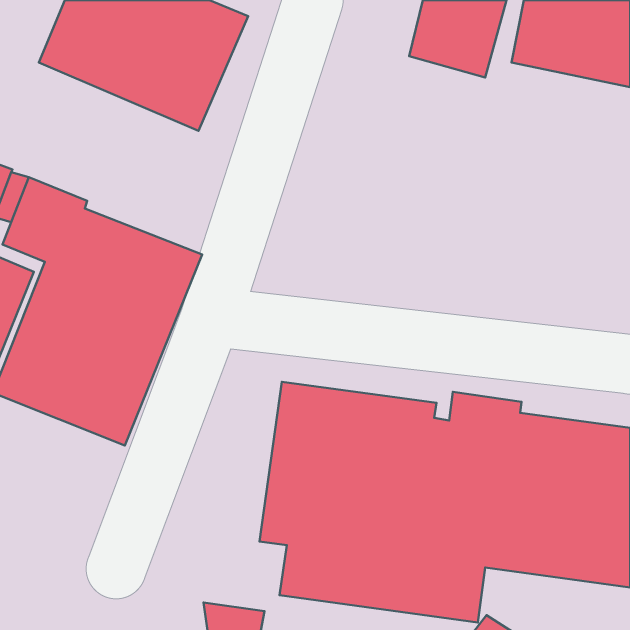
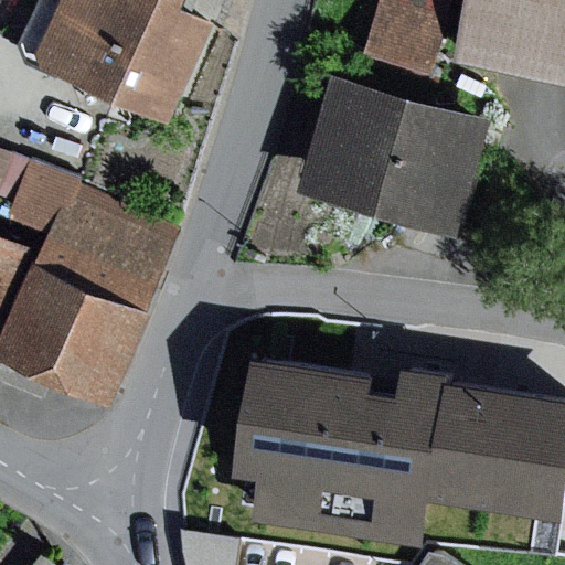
building: none -> [299,76,492,236]

